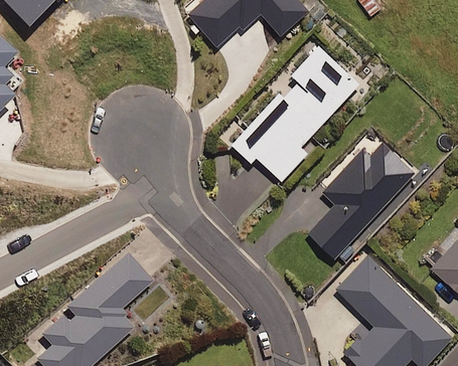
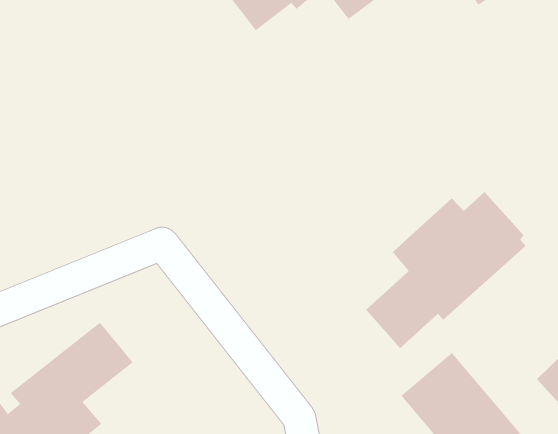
building: [233,45,358,178] -> none

